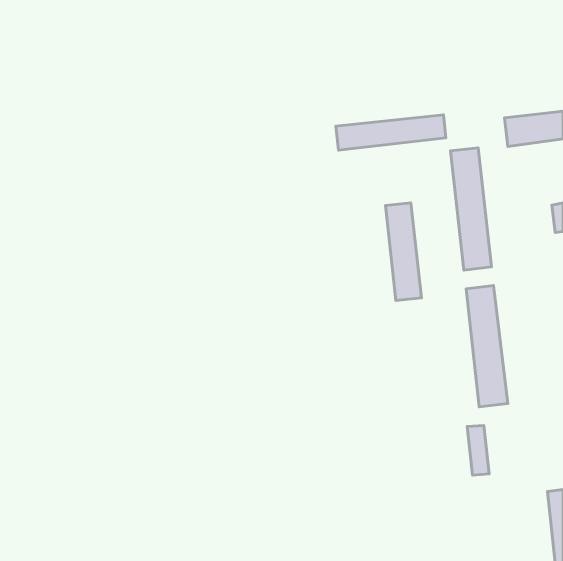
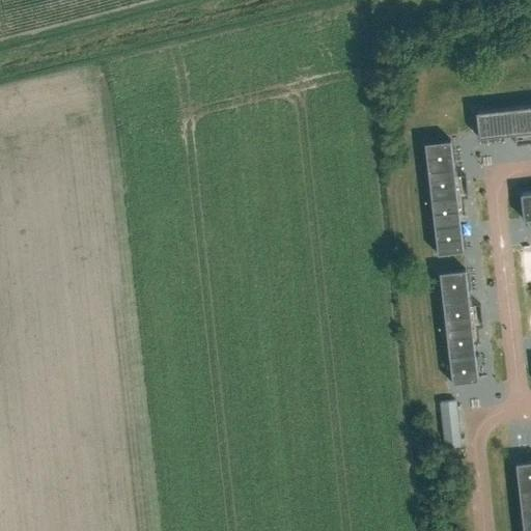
building: [336,115,446,150] -> none
building: [385,203,421,300] -> none

